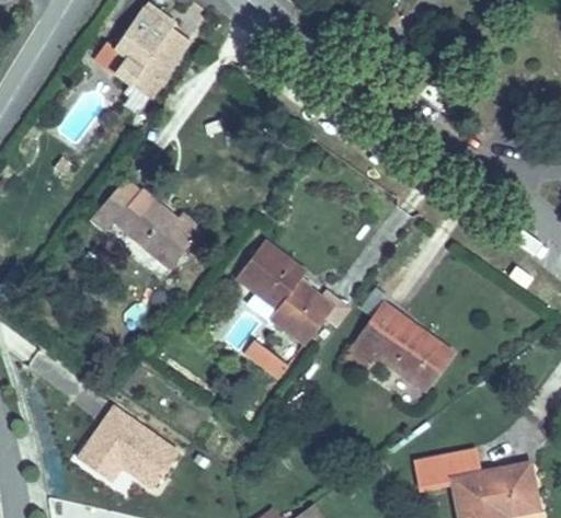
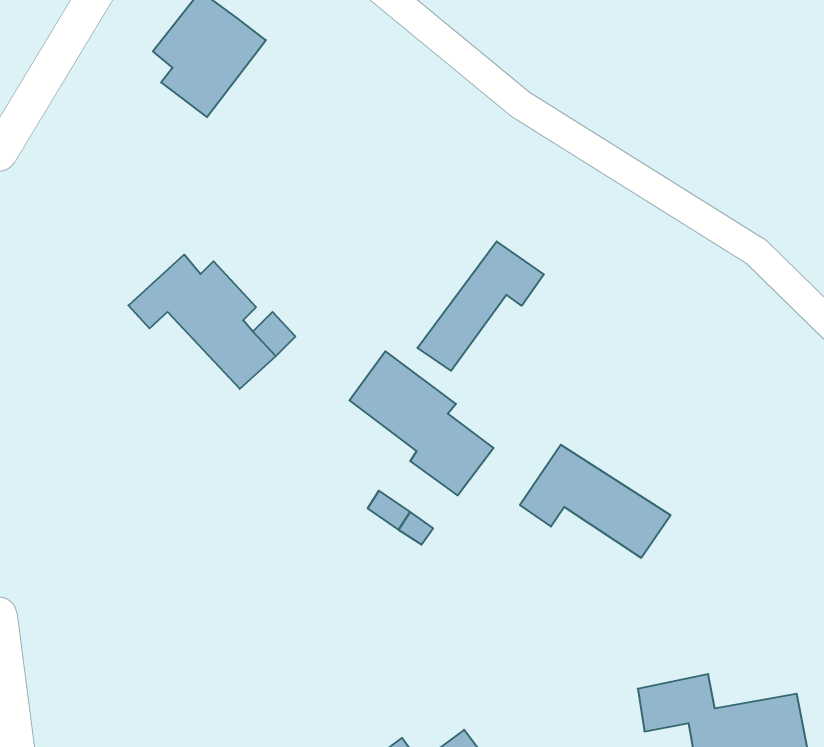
building: none -> [417,241,544,371]
building: [71,398,182,495] -> none

